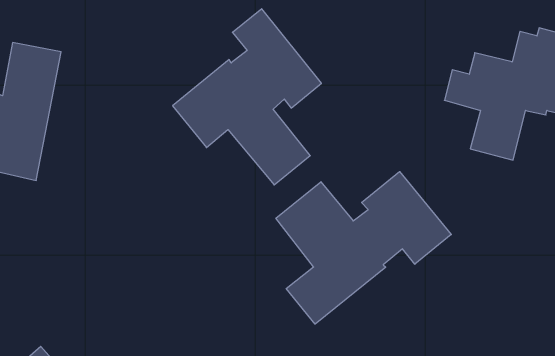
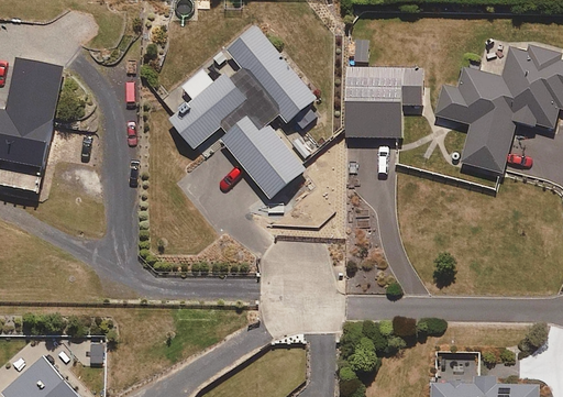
building: none -> [345,67,422,136]
building: [276,172,451,324] -> none

